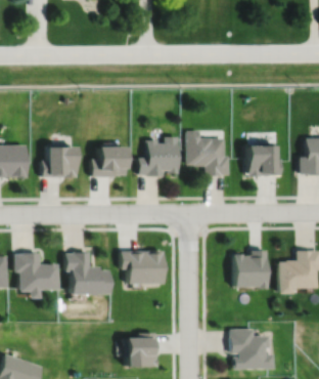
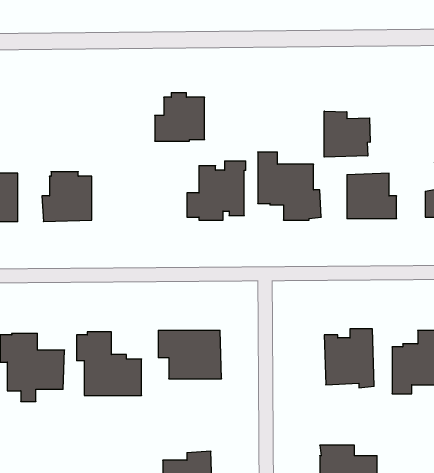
building: none -> [324,111,370,157]
building: [91,143,125,176] -> [155,93,205,141]

